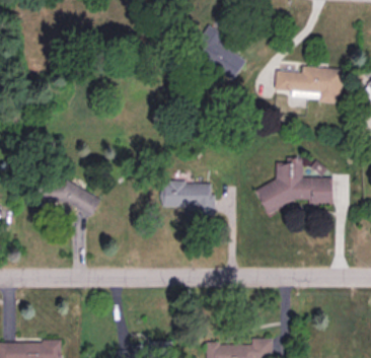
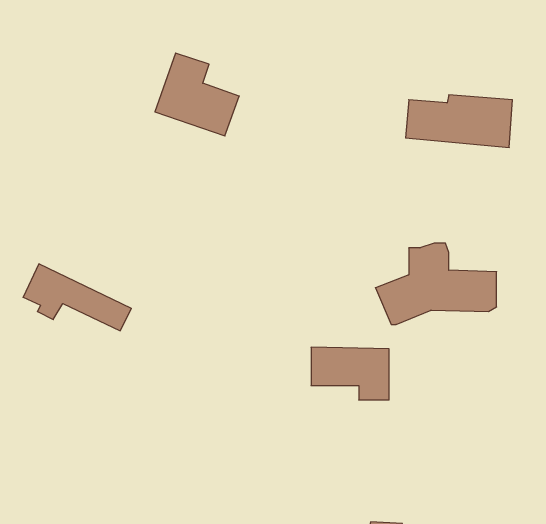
building: [192,26,245,79] -> [155,53,239,136]
building: [164,182,214,215] -> [311,347,389,400]

